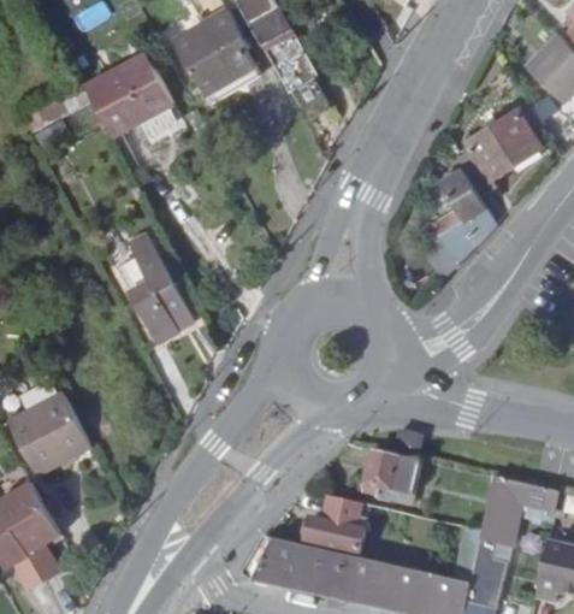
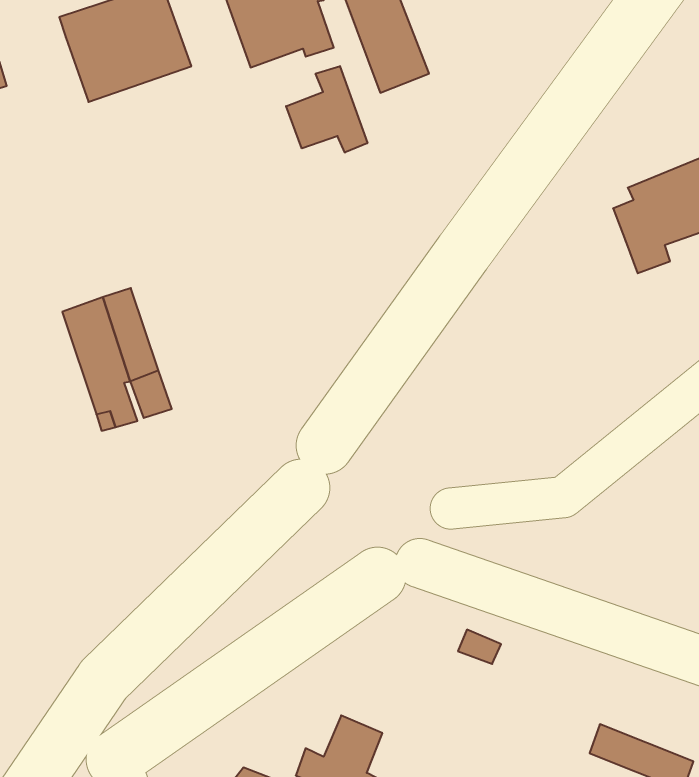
building: none -> [286,66,367,153]
building: [437,170,495,265] -> none
building: [363,450,425,498] -> none

